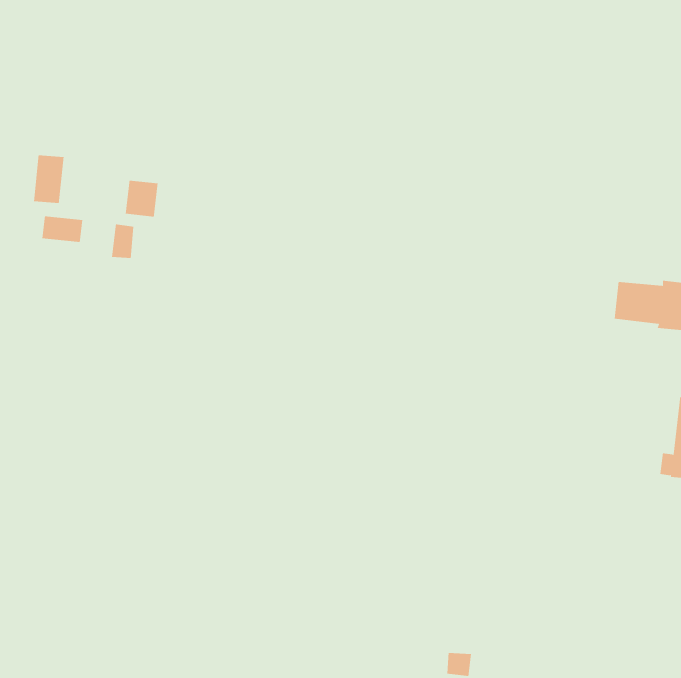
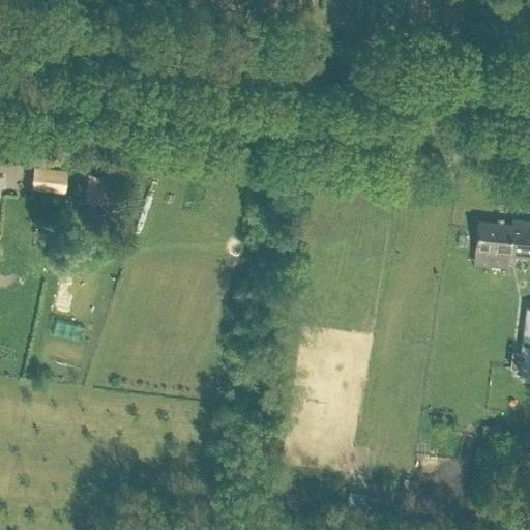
building: [33,154,64,204] -> none
building: [125,180,158,217] -> none

